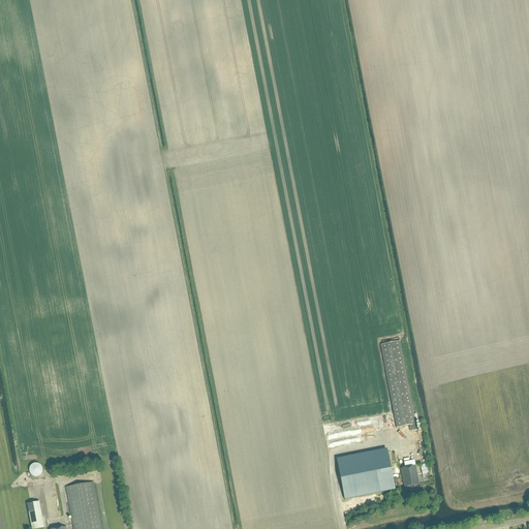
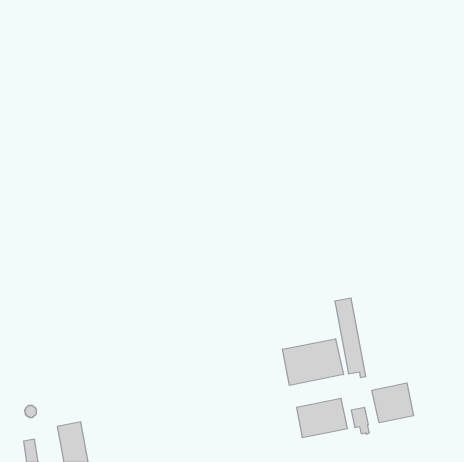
building: none -> [283,339,343,385]
building: none -> [372,383,413,423]

